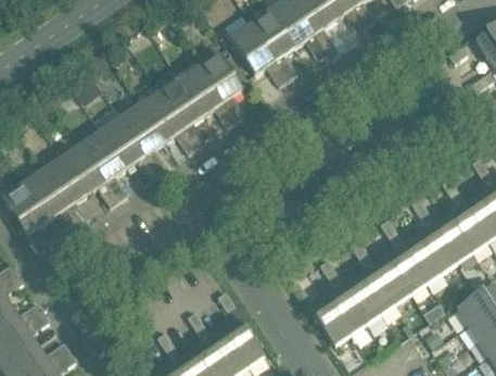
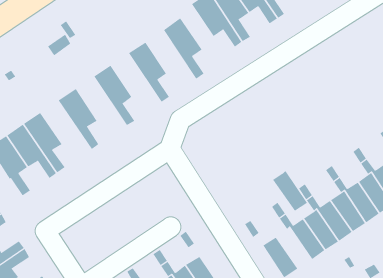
building: [178,65,234,127] -> none
building: [139,91,195,153] -> none
building: [100,117,156,179] -> none
building: [60,145,117,206] -> none
building: [325,287,365,334] -> [272,170,308,212]

